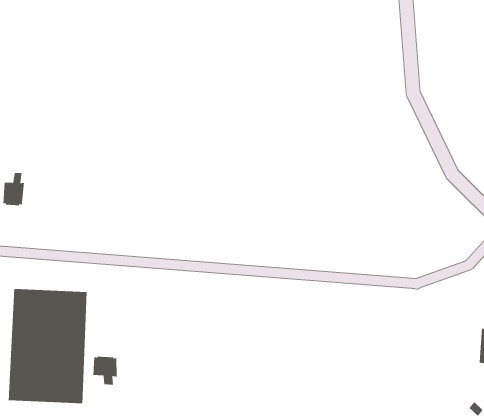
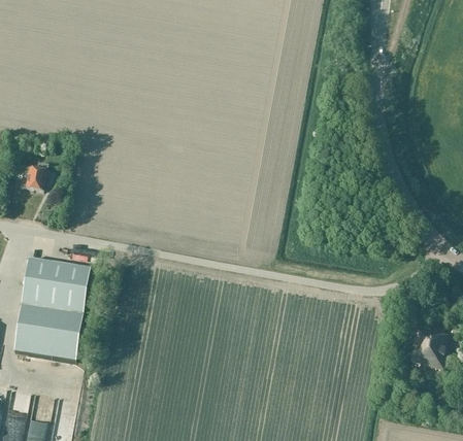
building: [93,356,117,386] -> none

